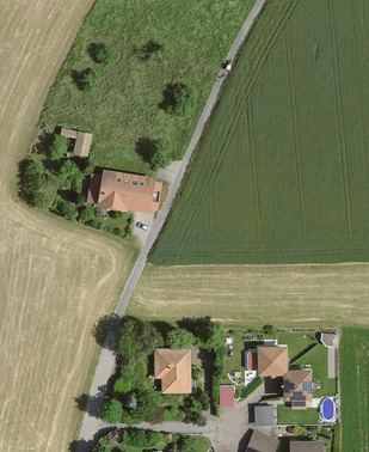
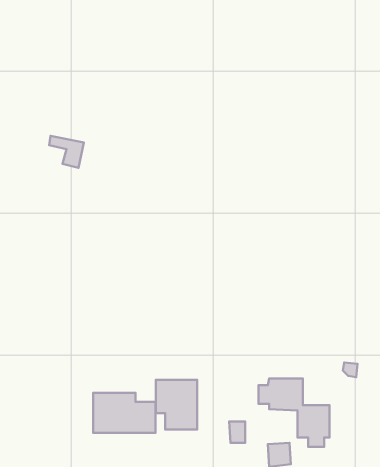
building: [84,171,159,213] -> none
building: none -> [93,393,156,433]

